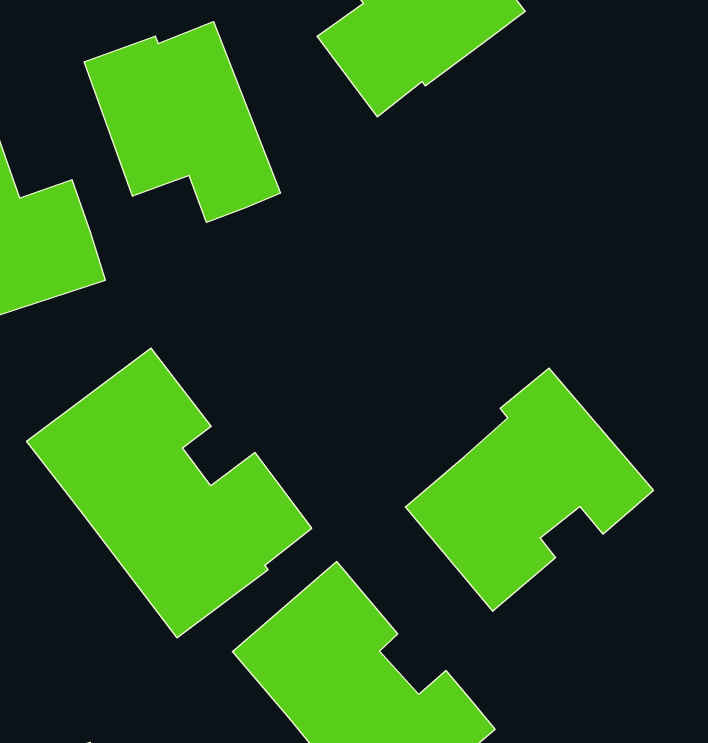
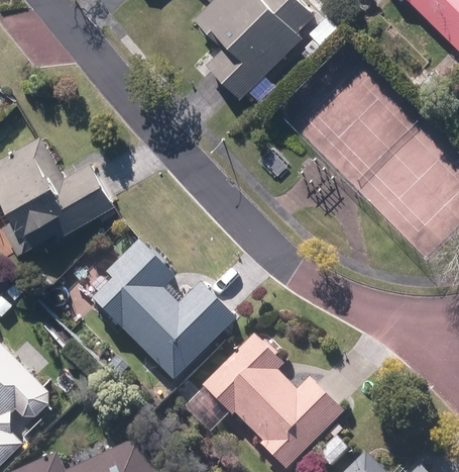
building: [84,22,280,222] -> none
building: [405,368,653,611] -> none

